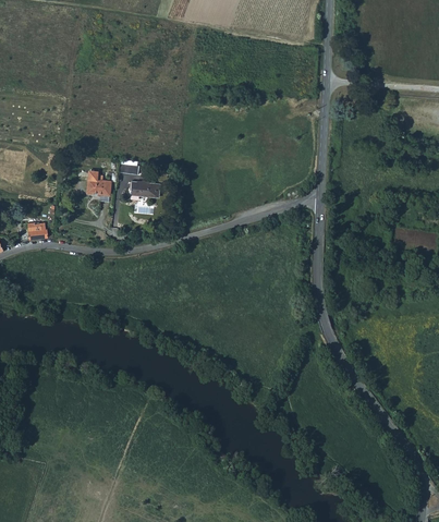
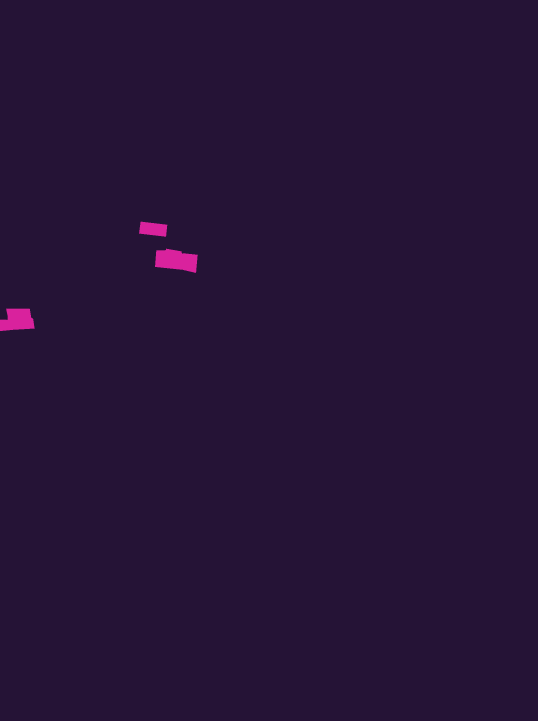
building: [87,170,112,201] -> none

